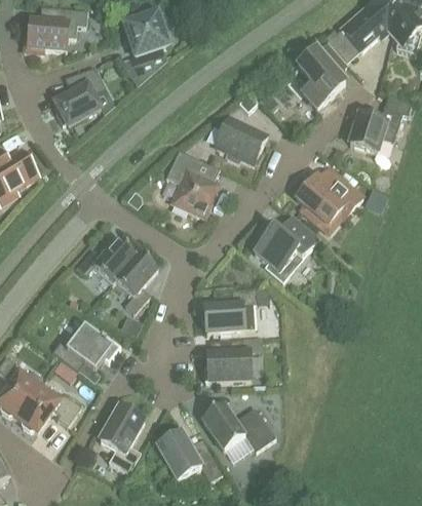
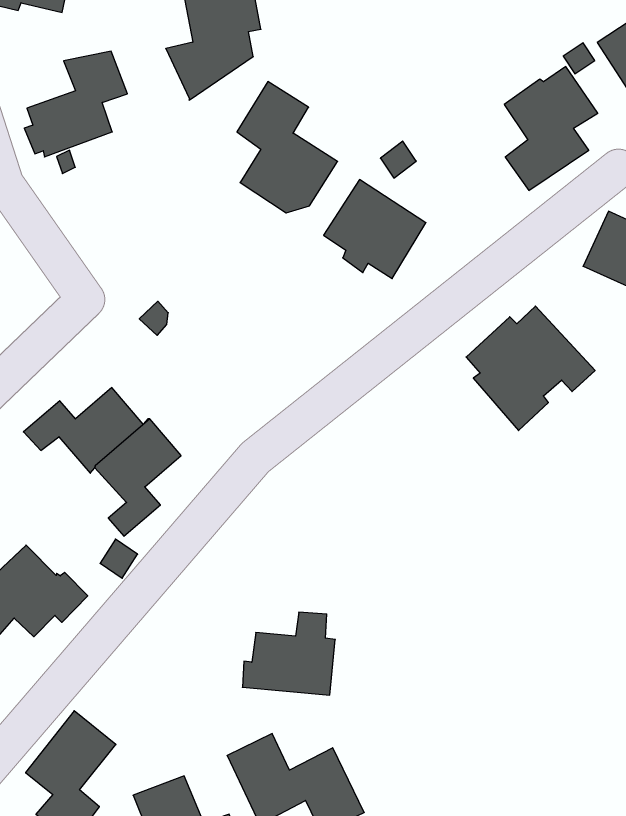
building: [166,148,220,213] -> [237,82,338,213]
building: [254,215,318,279] -> none
building: [201,285,257,330] -> none

